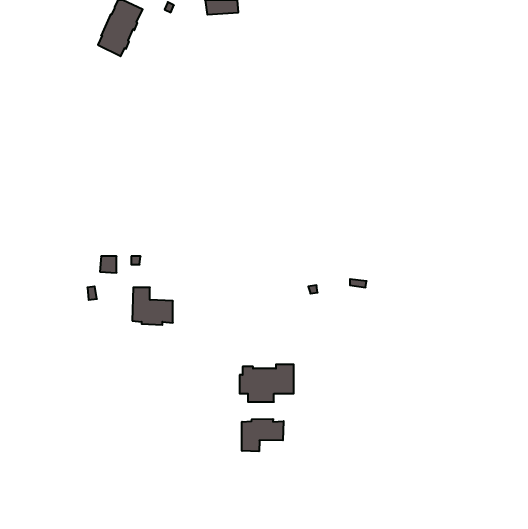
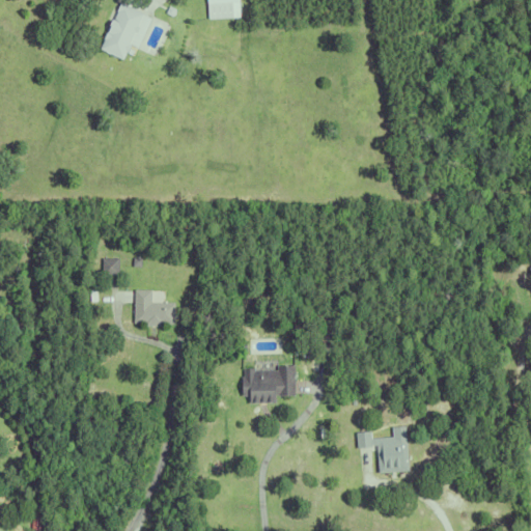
building: [242,419,284,451] -> none
building: none -> [357,426,411,472]

